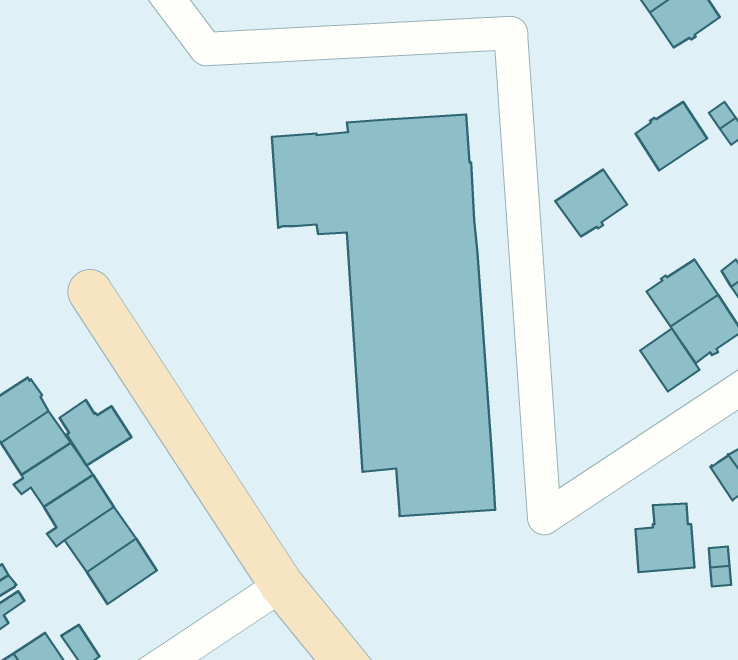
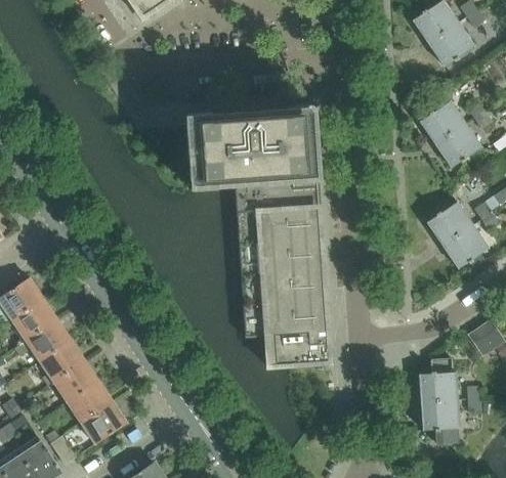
building: [555,169,627,236] -> [435,124,481,167]
building: [640,329,699,392] -> none
building: [59,400,131,465] -> none
building: none -> [422,399,460,443]
building: none -> [81,401,127,443]

